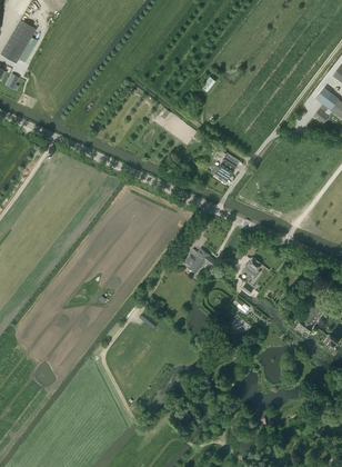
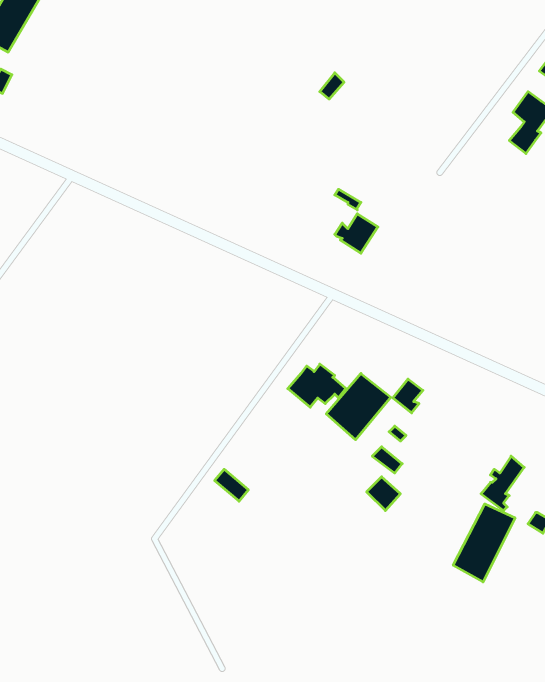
building: none -> [326,373,391,440]
building: none -> [453,504,515,582]

